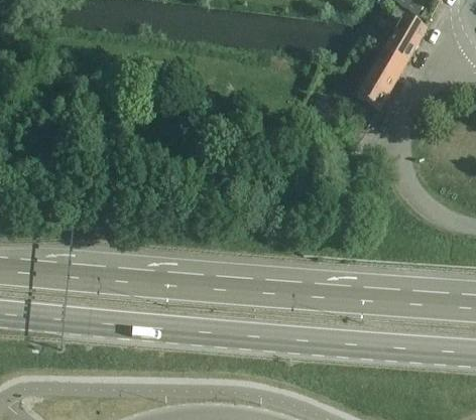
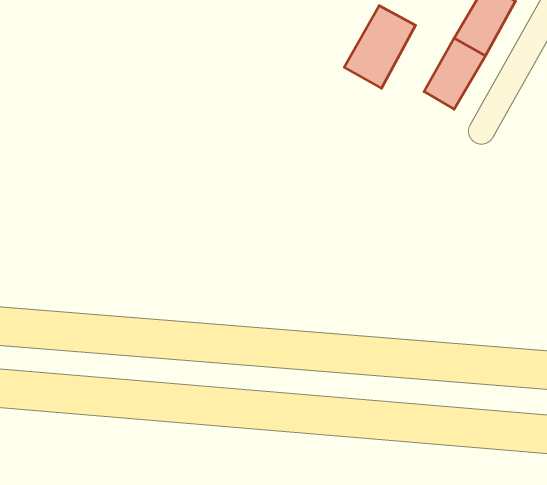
building: none -> [344,6,416,88]

